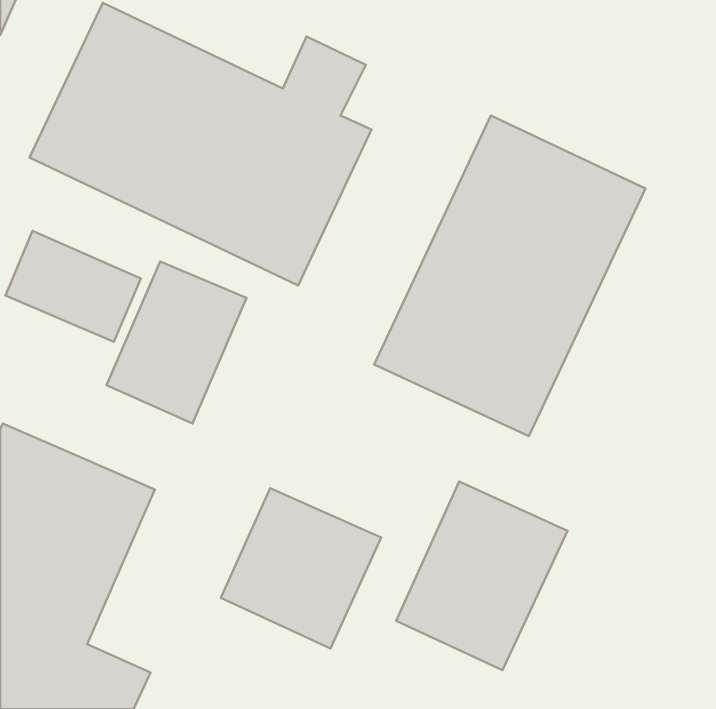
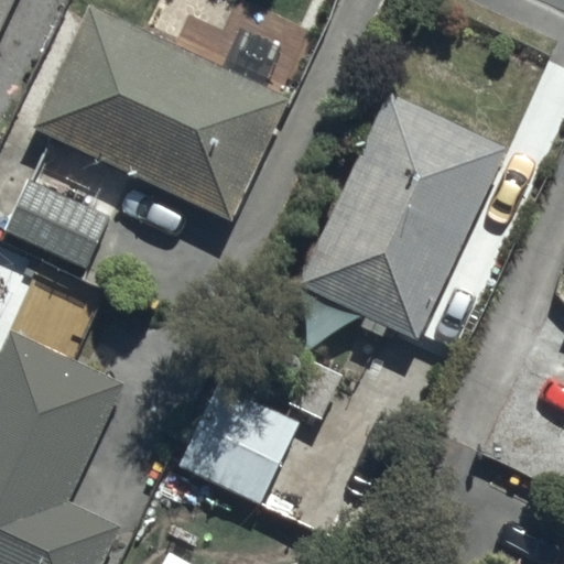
building: [106,261,246,424] -> none
building: [396,481,567,670] -> none

